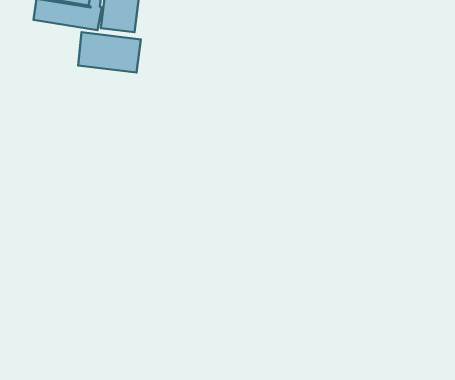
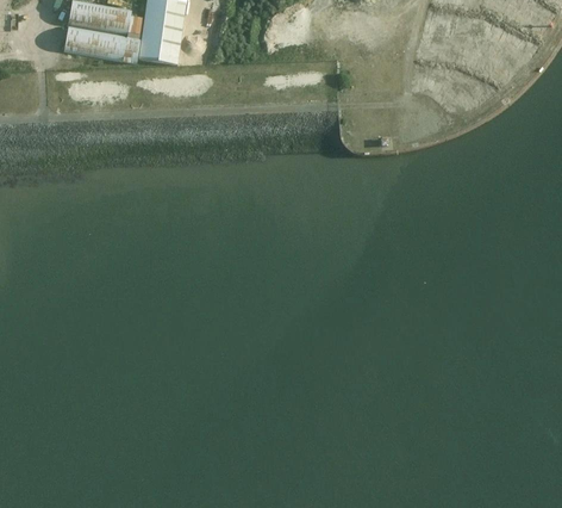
building: [78,32,141,73] -> none

